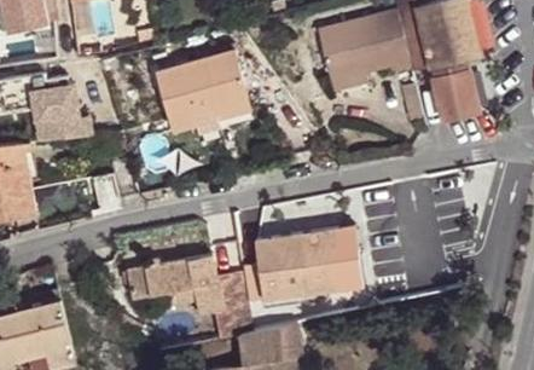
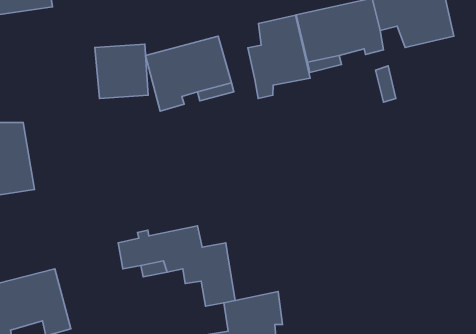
building: none -> [248,15,310,99]
building: [430,64,484,120] -> none
building: [25,81,82,139] -> [95,44,148,99]
building: [238,227,364,300] -> none

